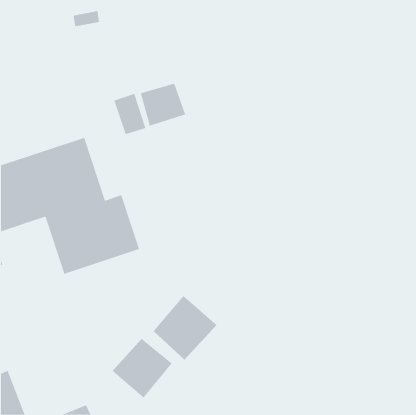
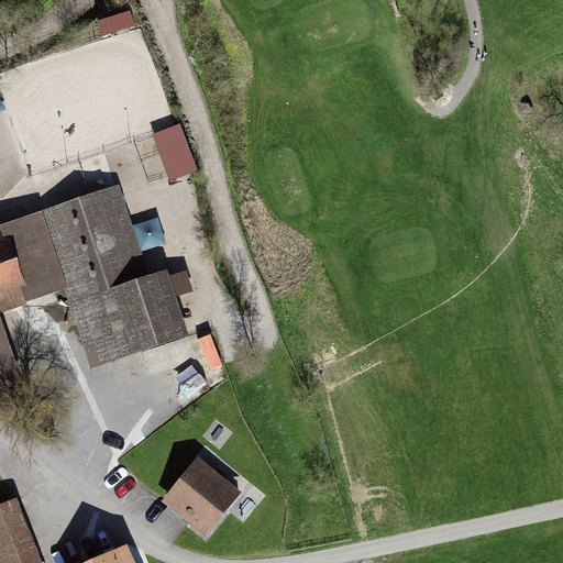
building: [140,83,186,126] -> none
building: [153,295,218,360] -> none

